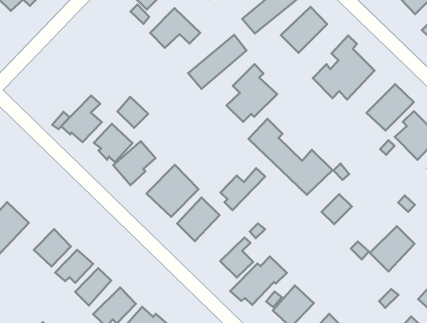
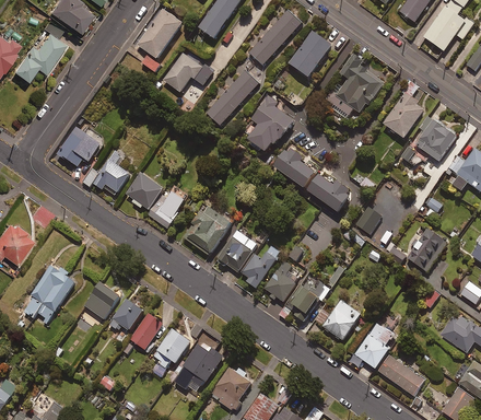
building: none -> [57,126,101,166]
building: [117,97,148,128] -> none
building: [220,168,265,210] -> [242,244,282,288]

